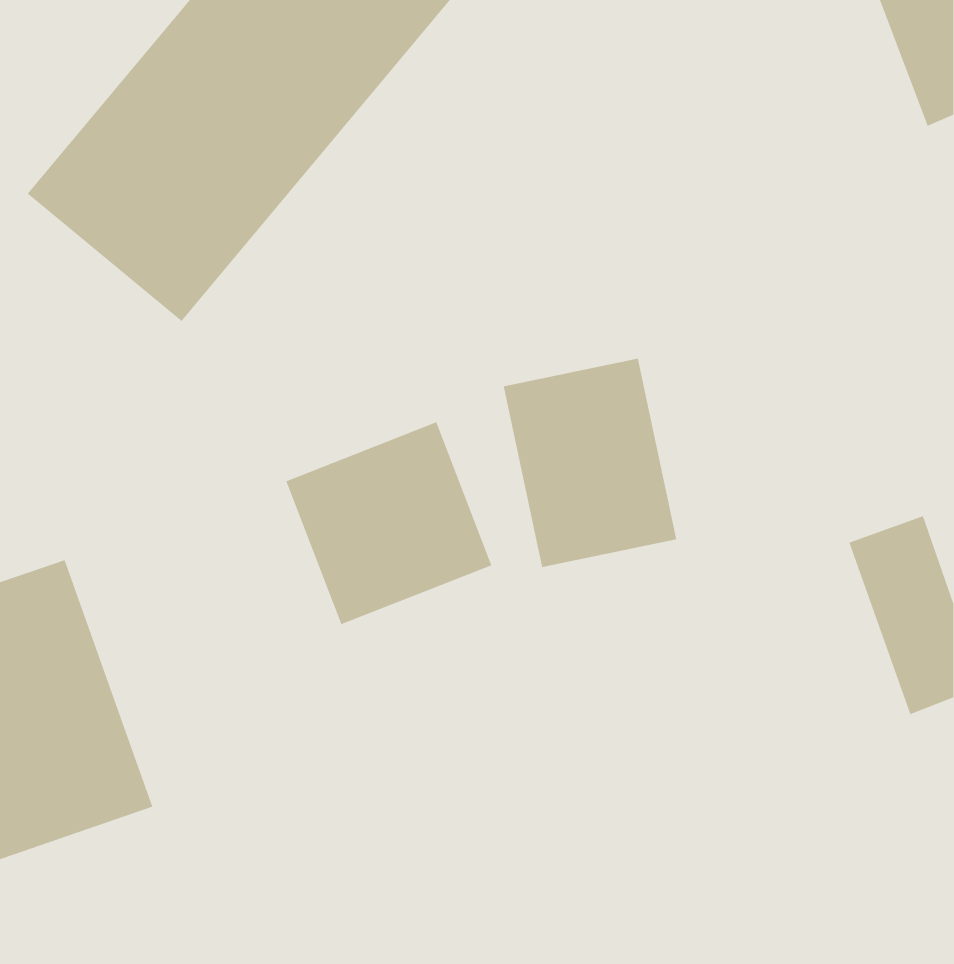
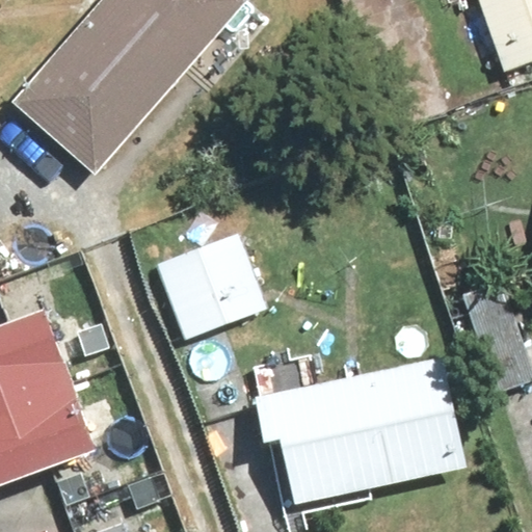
building: [503,358,677,568] -> none
building: none -> [262,357,470,504]

